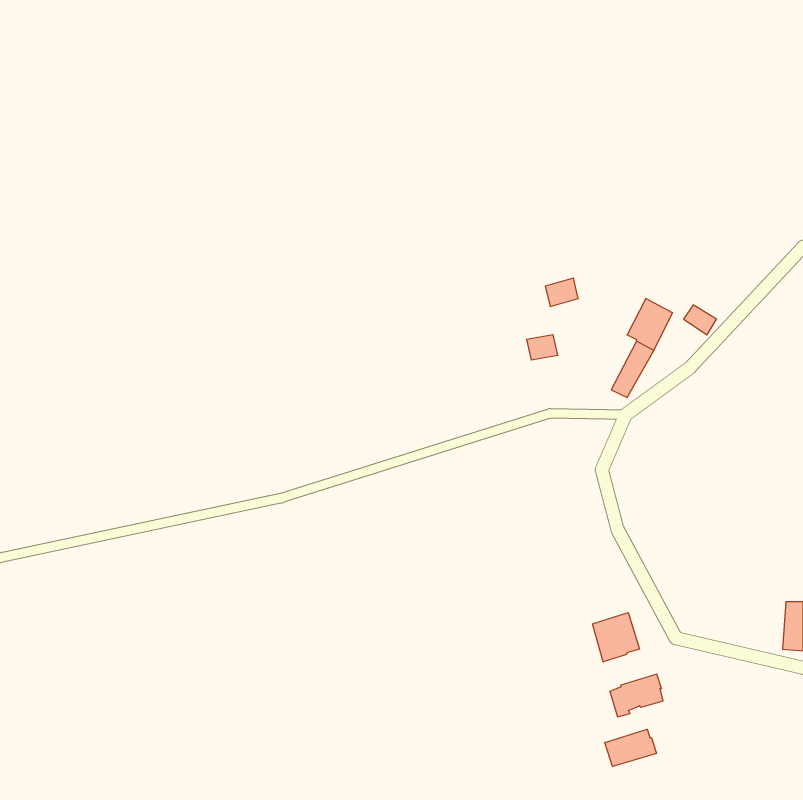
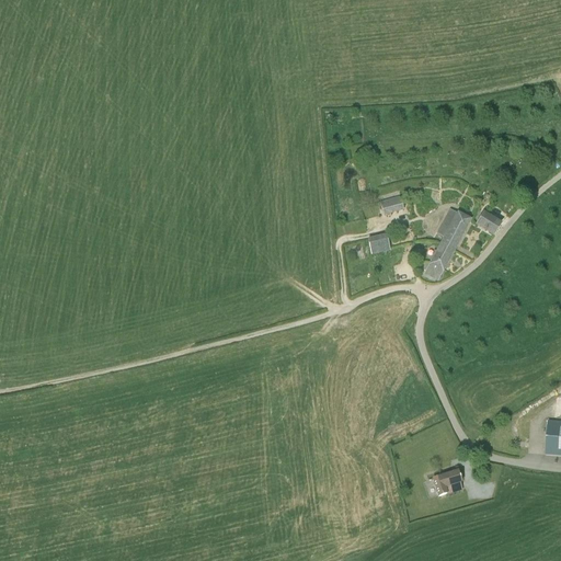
building: [592,613,639,662] -> none
building: [605,729,657,766] -> none

